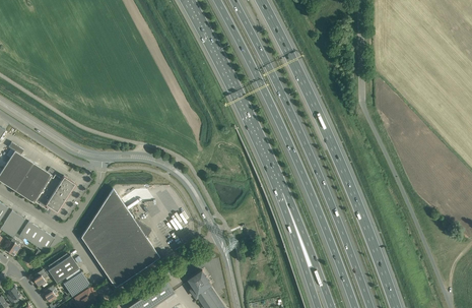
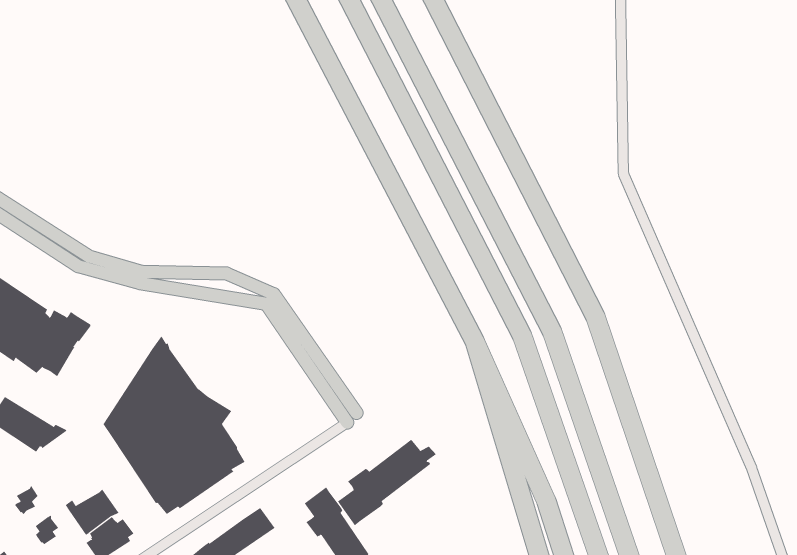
building: none -> [337,439,437,526]
building: [48,254,79,284] -> none

